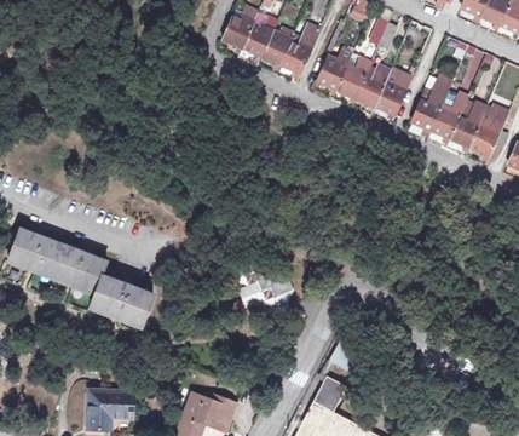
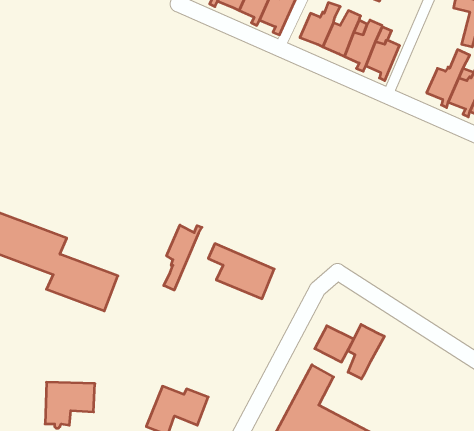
building: [410,75,451,134] -> none
building: none -> [164,225,202,290]
building: none -> [348,324,384,379]

